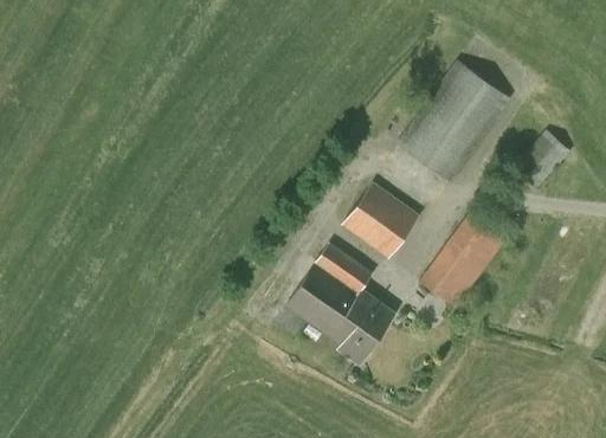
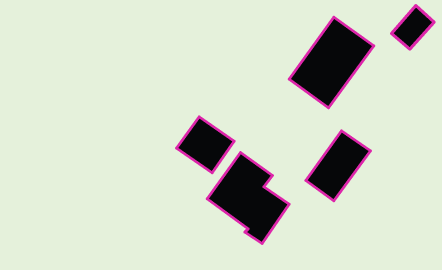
building: [512,130,570,189] -> [392,6,434,49]
building: [341,182,419,258] -> [177,117,234,173]

